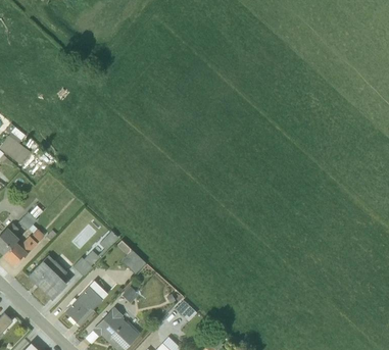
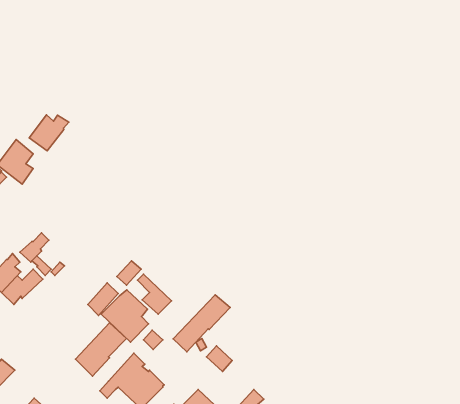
building: none -> [29,115,69,151]
building: [28,255,67,299] -> [101,290,149,342]
building: none -> [173,295,230,352]

